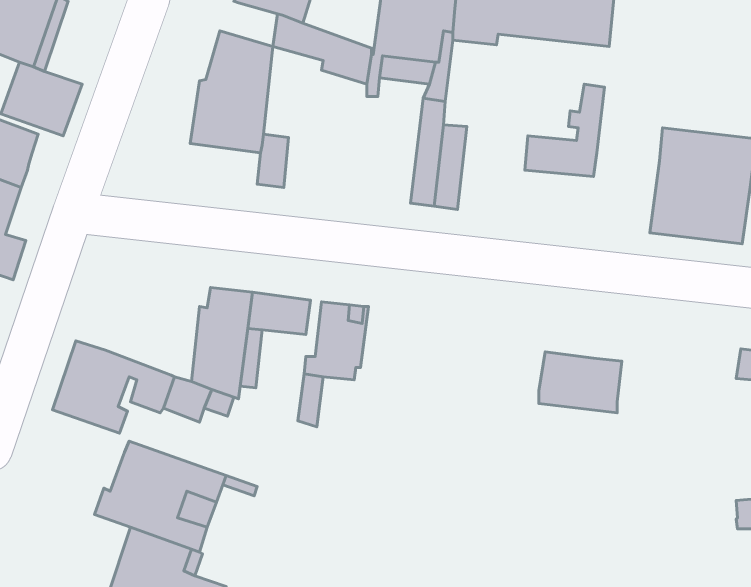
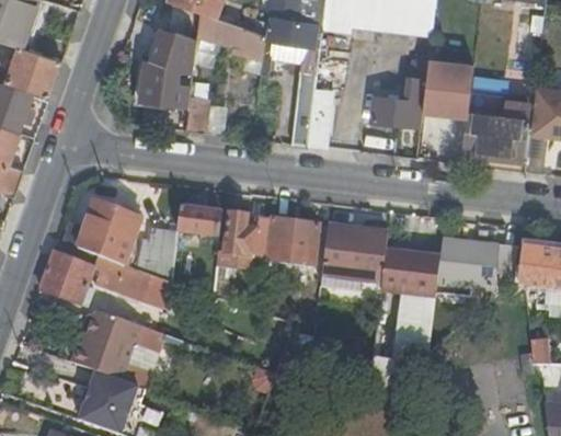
building: none -> [422,53,472,114]
building: none -> [78,200,141,264]
building: none -> [256,216,320,265]
building: none -> [321,225,388,283]
building: none -> [436,239,517,295]

